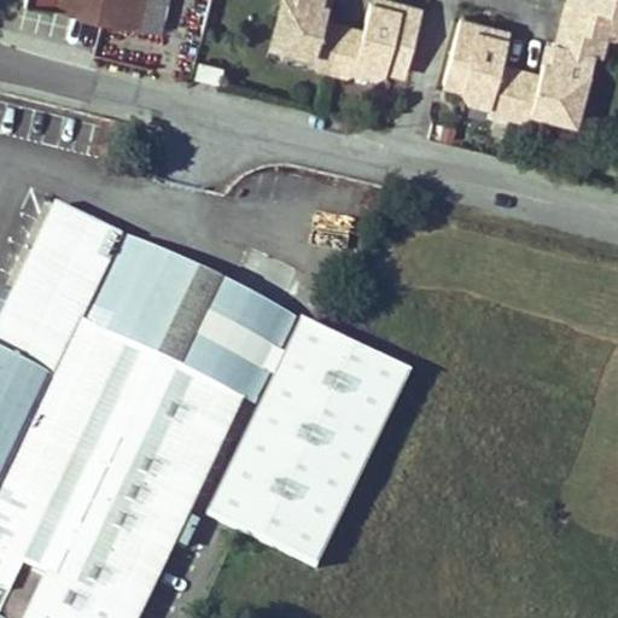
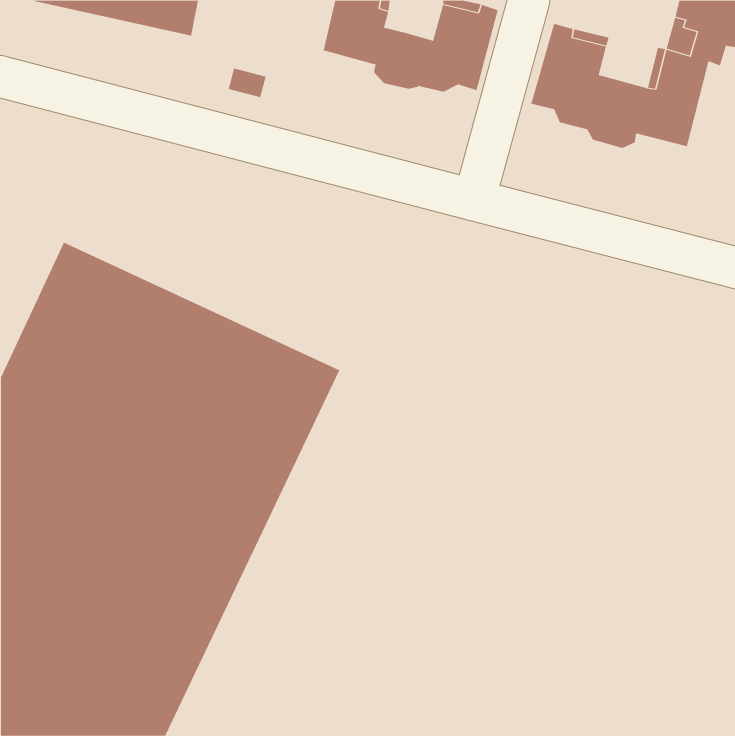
building: [203,314,407,561] -> none

